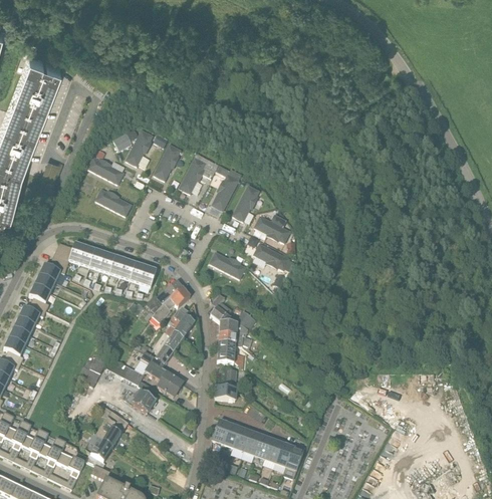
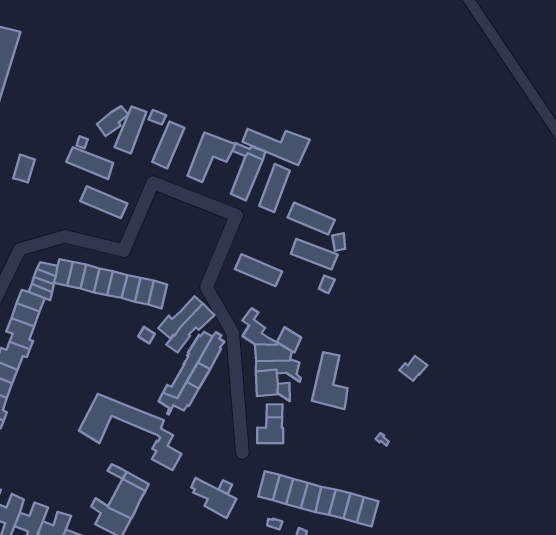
building: none -> [243,129,310,165]
building: none -> [312,352,348,409]
building: [149,362,183,396] -> [191,478,236,518]

